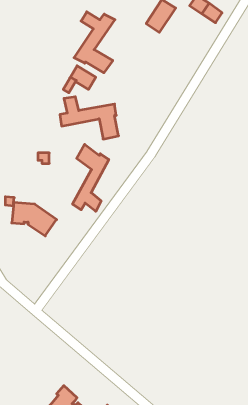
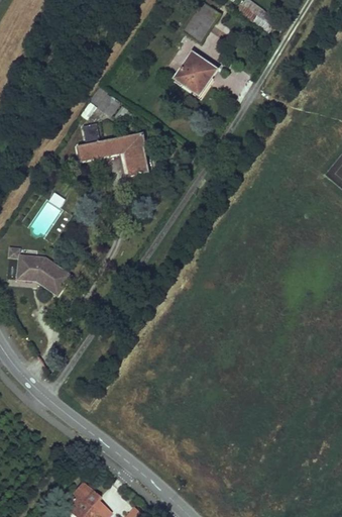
building: [74,12,115,73] -> none
building: none -> [174,53,216,97]
building: [73,144,109,211] -> none

